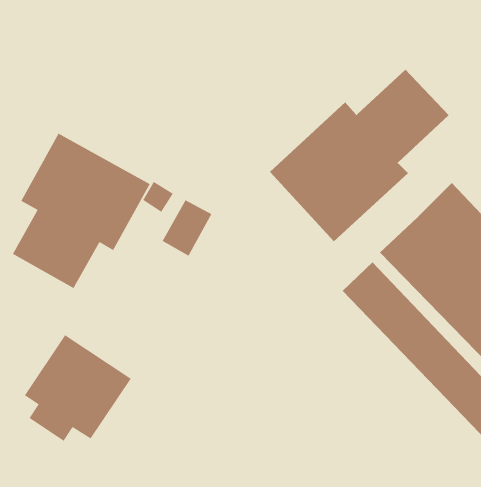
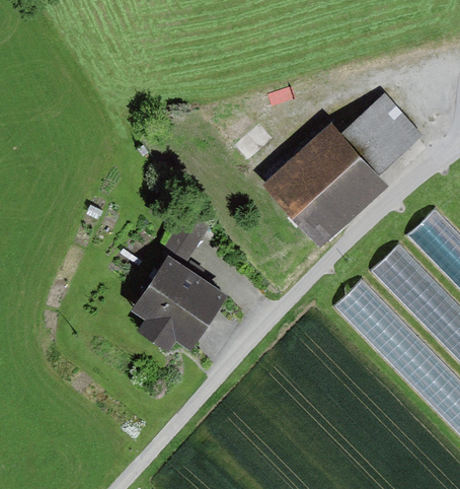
building: [12,133,151,289] -> none
building: [24,334,132,442] -> [133,258,229,354]

